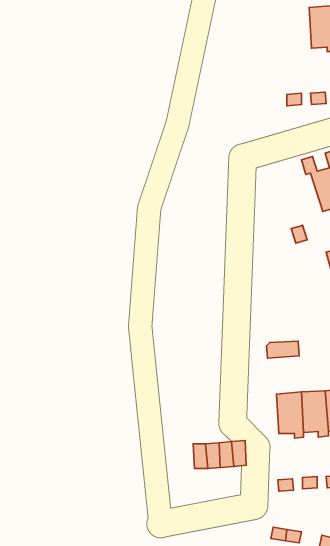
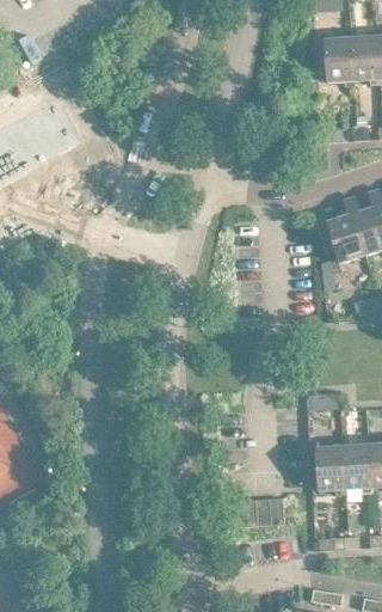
building: none -> [326,37,356,86]
building: none -> [328,213,366,262]

